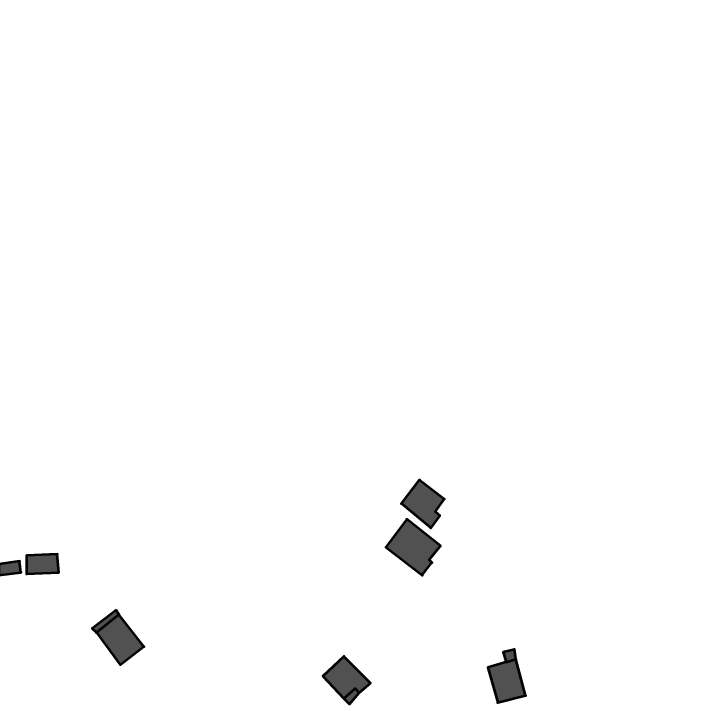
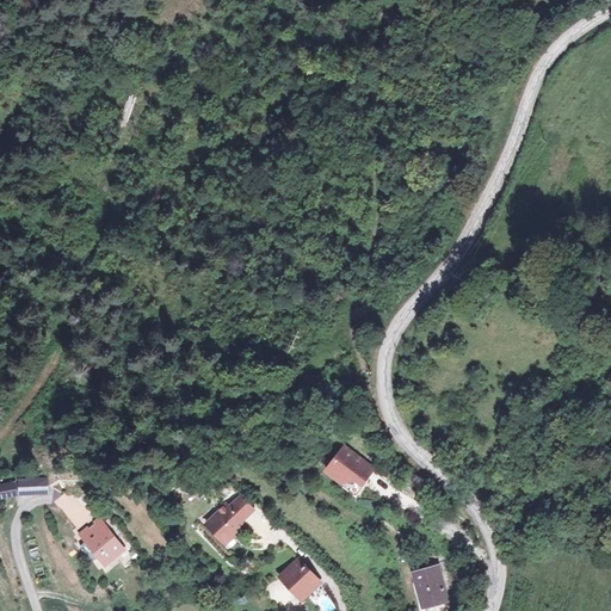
building: [401,480,444,528] -> none
building: none -> [206,492,253,536]

